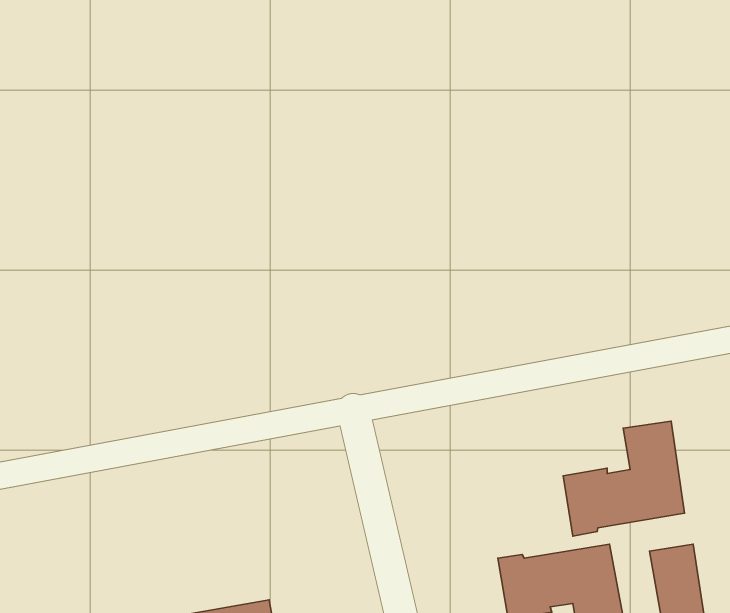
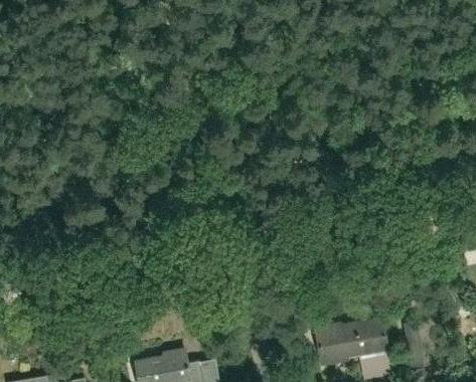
building: [563,421,684,536] -> none

